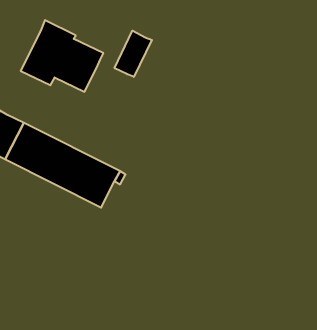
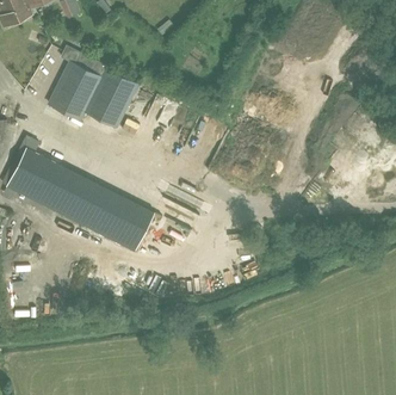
building: [115,31,152,77] -> none

